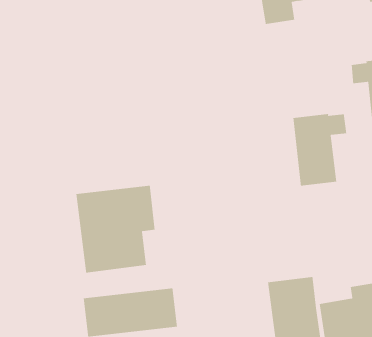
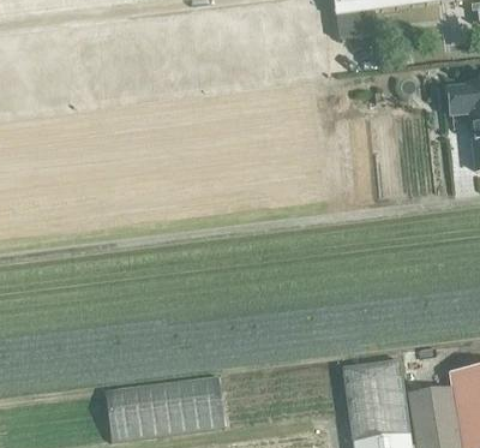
building: [292,113,347,187] -> none
building: [75,185,155,273] -> none

